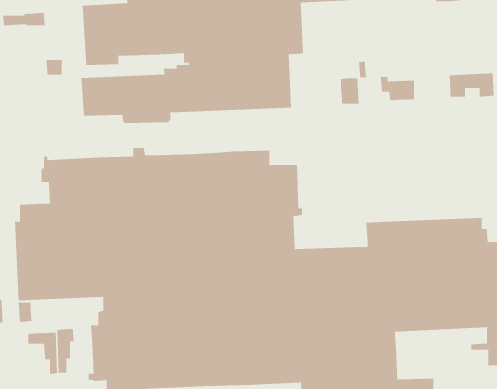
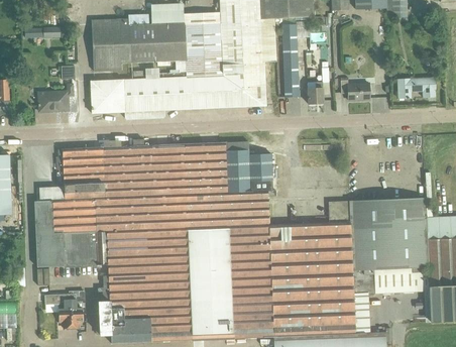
building: none -> [281,23,299,97]
building: none -> [38,83,74,111]

